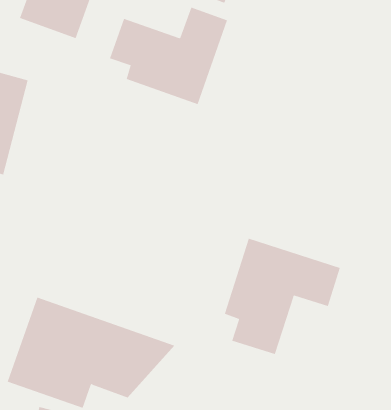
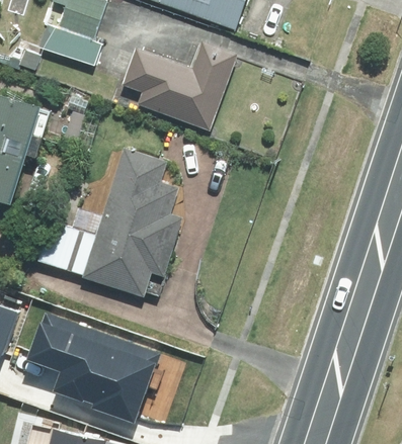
building: none -> [38,147,184,293]
building: [224,238,340,355] -> none

